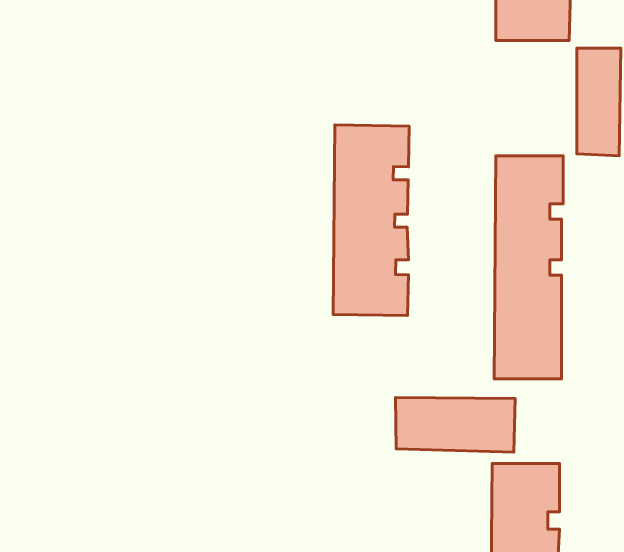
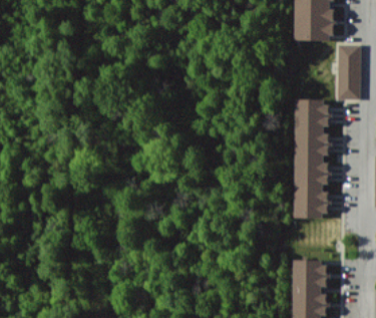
building: [333,125,409,315] -> none
building: [395,397,515,452] -> none

